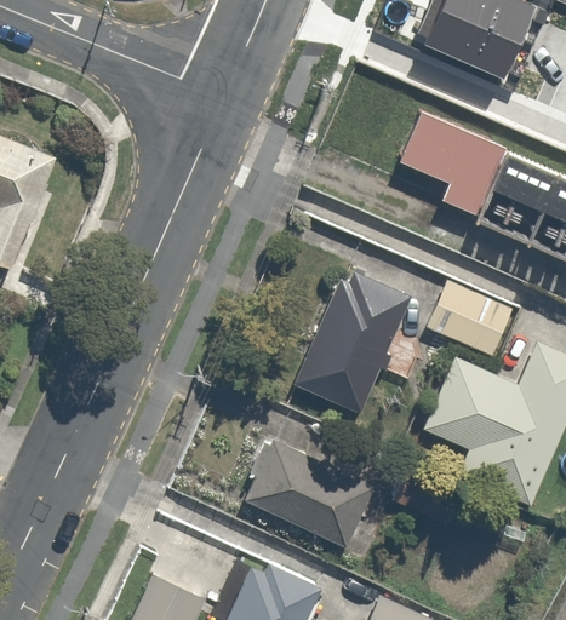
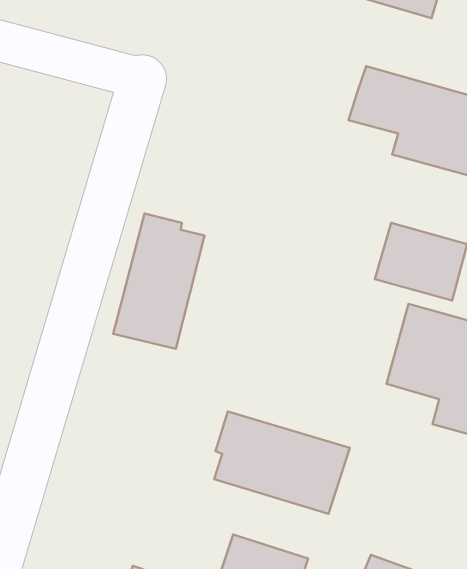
building: none -> [113,213,205,349]
building: [292,268,419,409] -> none

